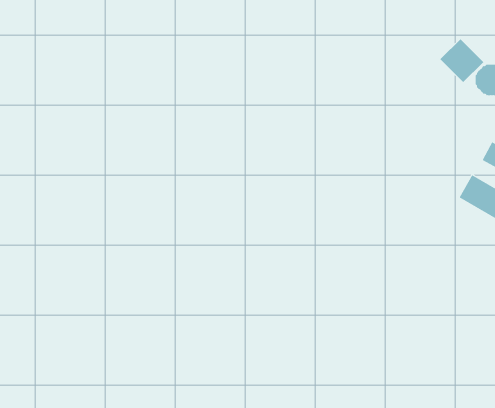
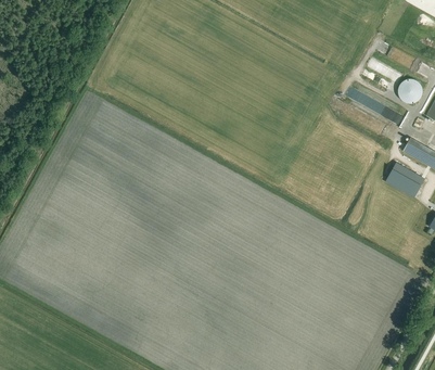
building: [439,38,484,83] -> none

